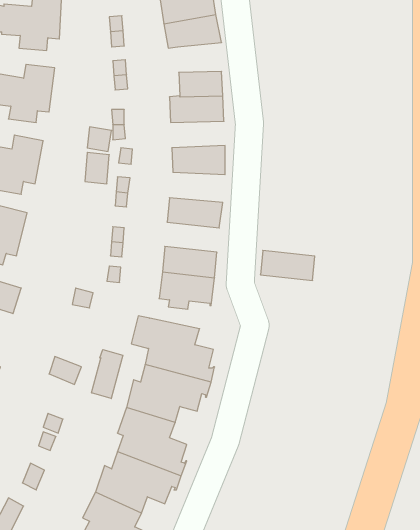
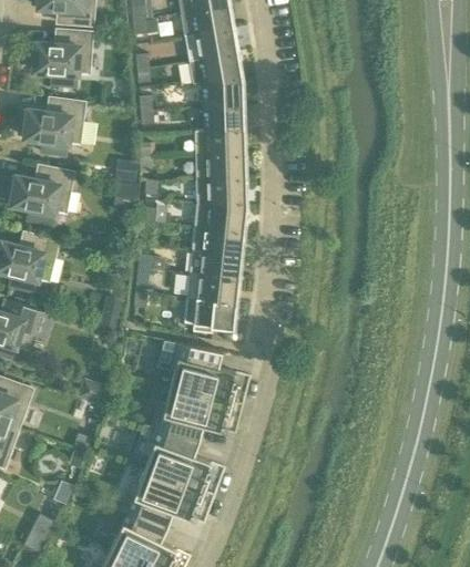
building: none -> [202,78,244,106]
building: none -> [195,153,247,178]
building: none -> [194,202,247,230]
building: [260,250,315,280] -> [190,249,242,278]
building: [92,350,123,399] -> none

